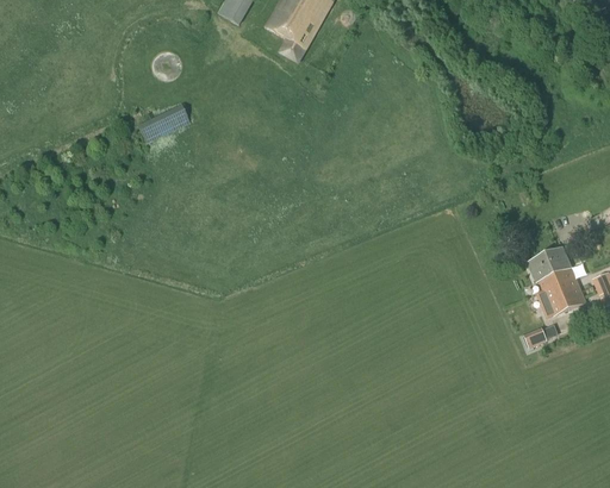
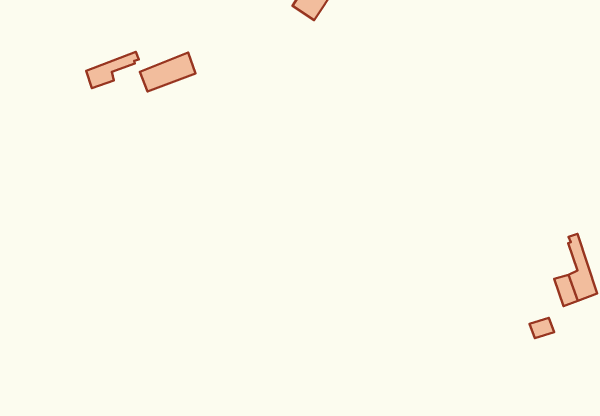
building: none -> [86,52,139,88]
building: [527,249,565,289] -> none

